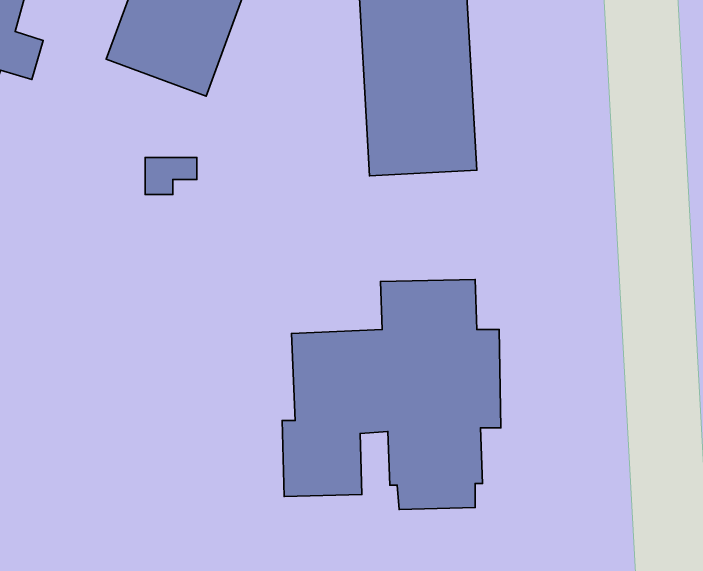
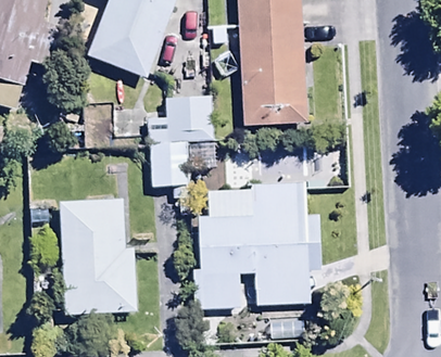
building: none -> [148,94,214,199]
building: none -> [54,196,136,313]

